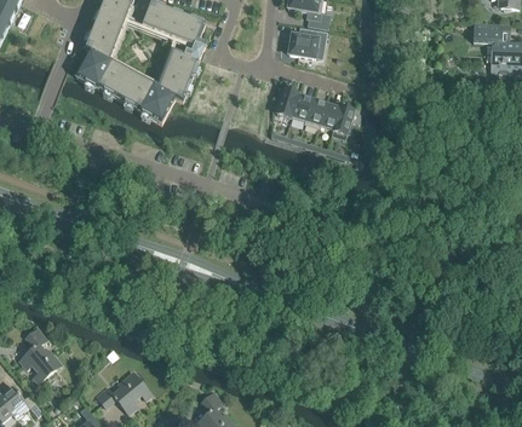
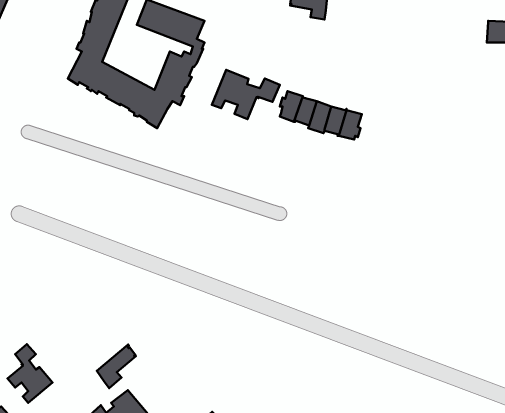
building: [287,27,327,57] -> none
building: none -> [212,70,280,119]
building: none -> [97,344,136,388]

